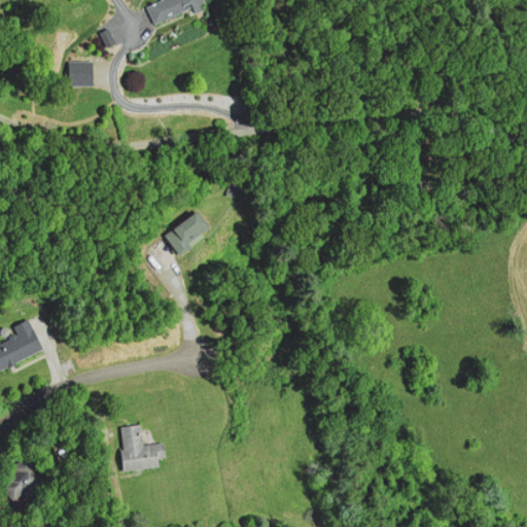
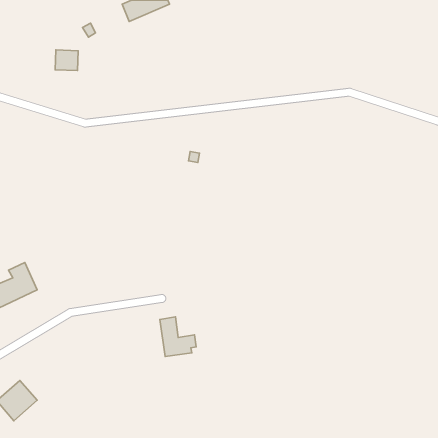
building: [164,211,209,258] -> none
building: [121,422,165,469] -> [160,317,196,356]

